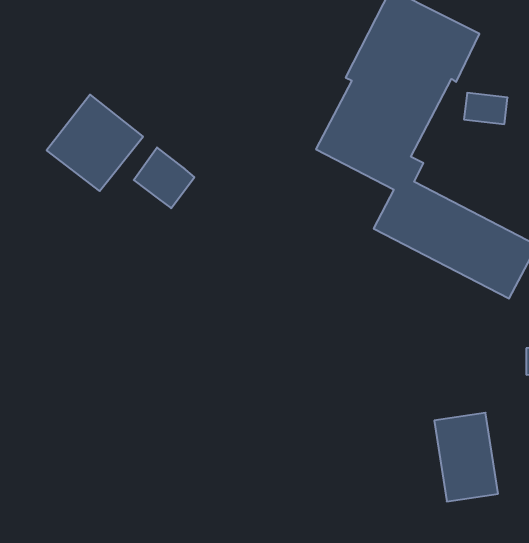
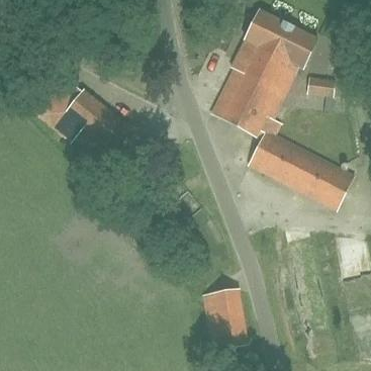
building: [434,413,498,501] -> [204,290,246,348]

